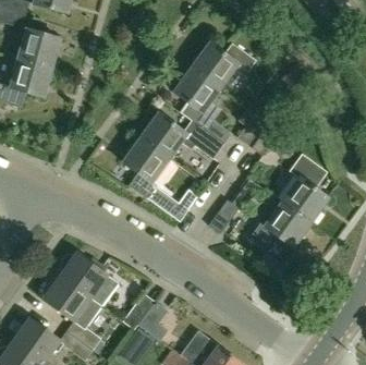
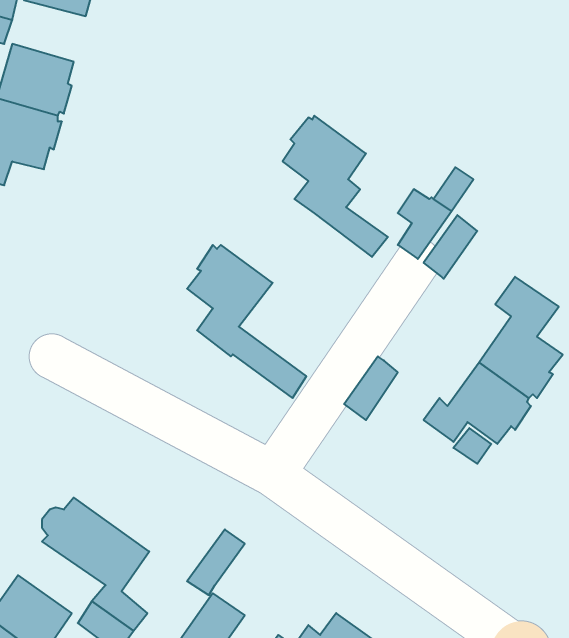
building: [191,42,256,87] -> none
building: [139,112,223,158] -> none
building: [60,252,119,305] -> none
building: [137,301,168,340] -> none

